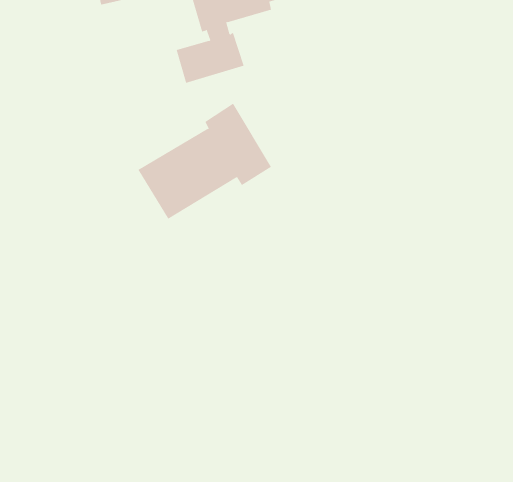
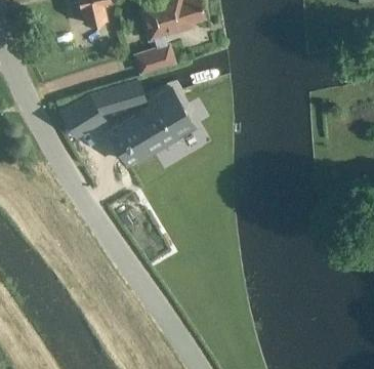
building: none -> [63,83,146,137]

